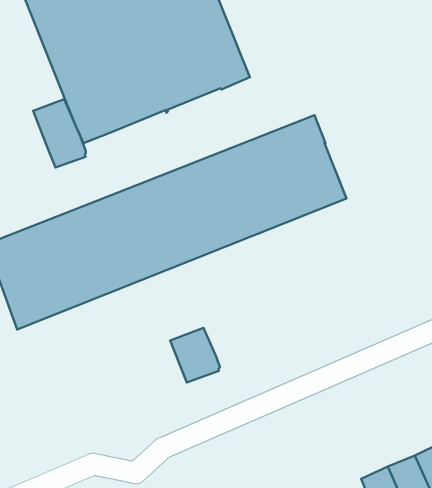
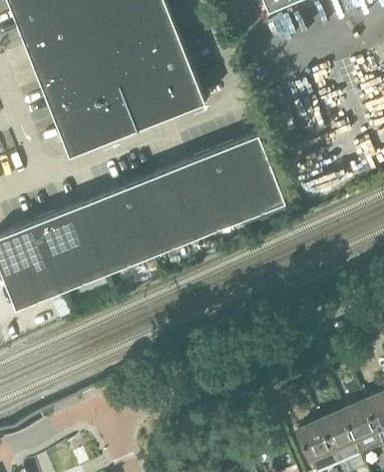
building: [33,99,86,167] -> none
building: [170,328,220,383] -> none

